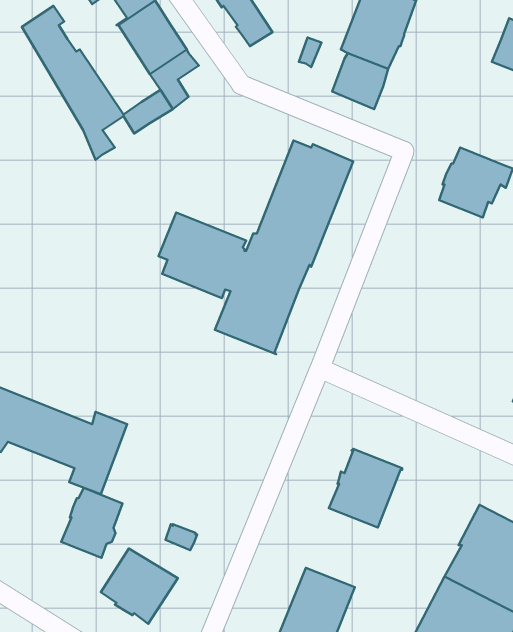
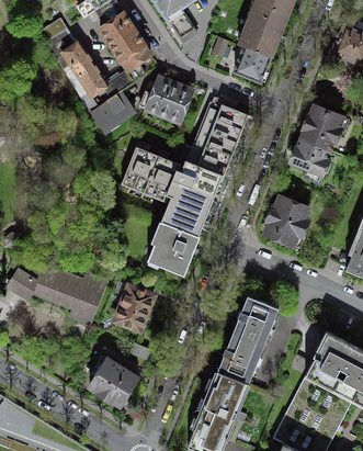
building: none -> [139,82,189,122]
building: none -> [90,92,134,133]
building: none -> [290,140,329,183]
building: none -> [263,198,307,249]
building: none -> [146,222,198,277]
building: [61,488,122,558] -> [114,286,152,330]
building: none -> [217,334,262,383]

